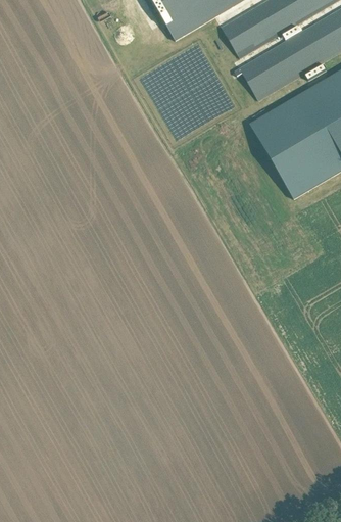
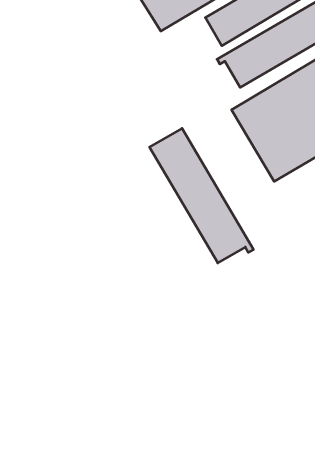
building: none -> [150,128,253,263]

